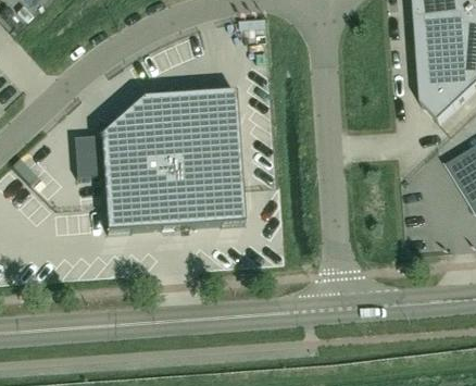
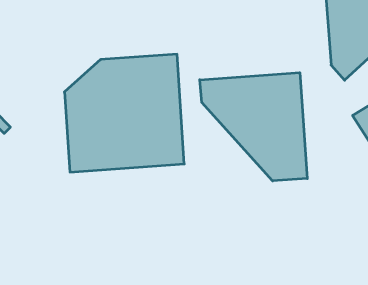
building: none -> [200,73,307,181]

